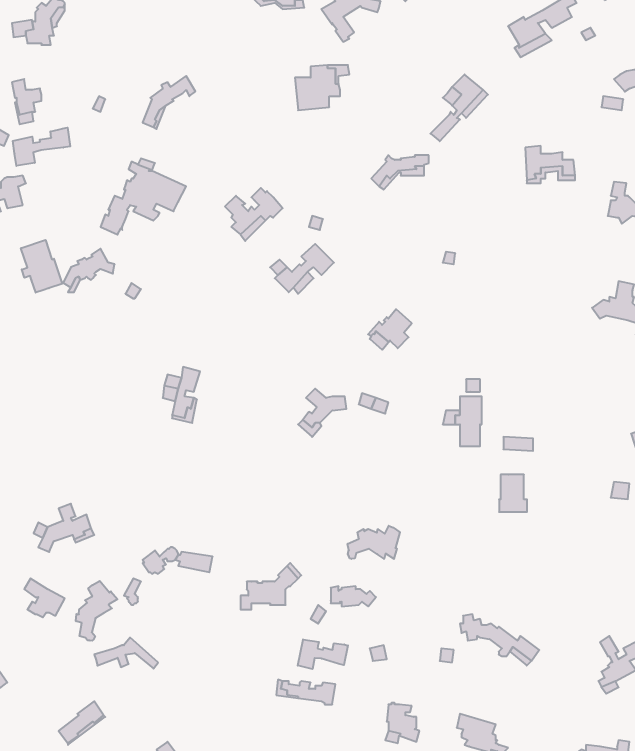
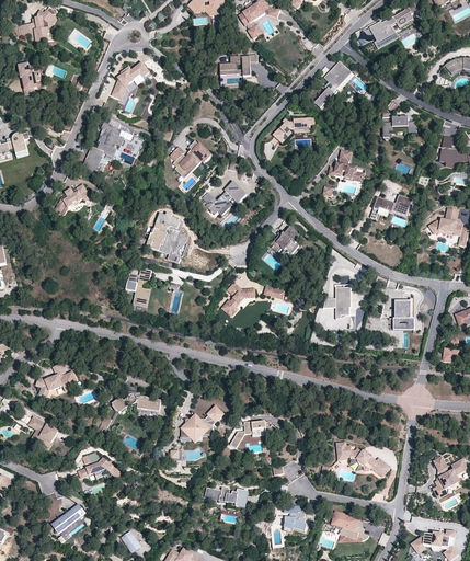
building: [13,128,70,166] -> none
building: none -> [329,149,363,181]
building: [21,240,62,293] -> none
building: none -> [375,193,413,215]
building: none -> [136,211,188,262]
building: [499,475,527,512] -> [393,299,413,325]
building: [348,526,400,559] -> none
building: [76,581,117,641] -> none
building: [298,639,348,669] -> none

